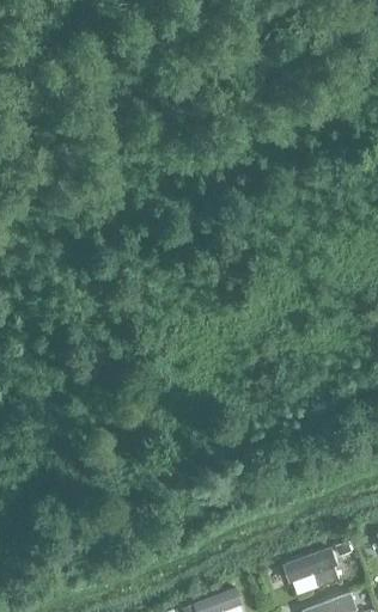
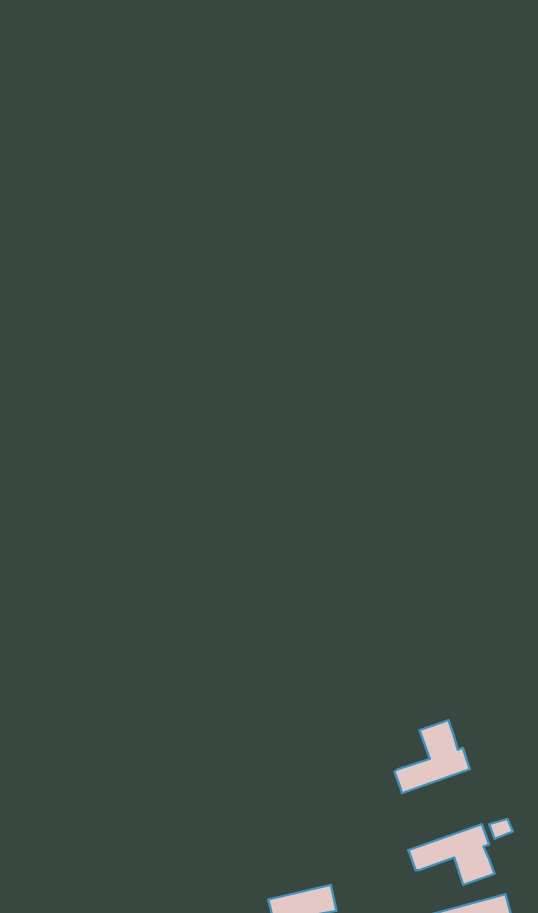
building: none -> [395,720,470,793]

